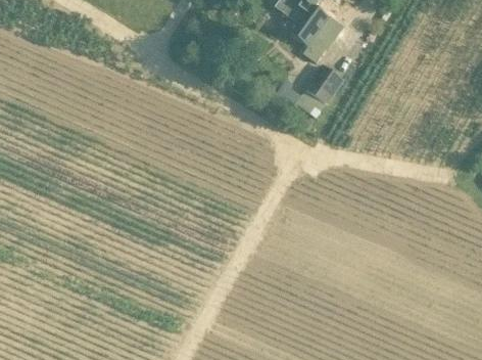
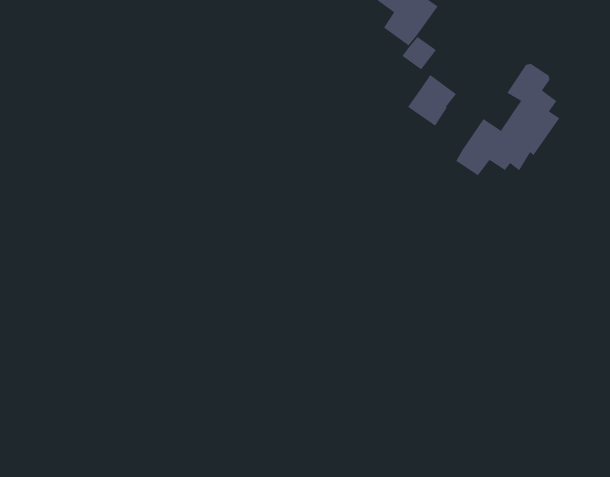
building: none -> [455,63,560,176]

